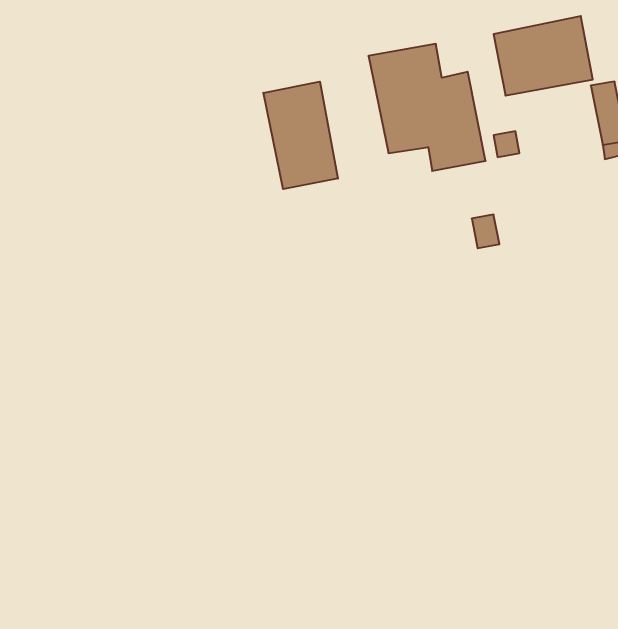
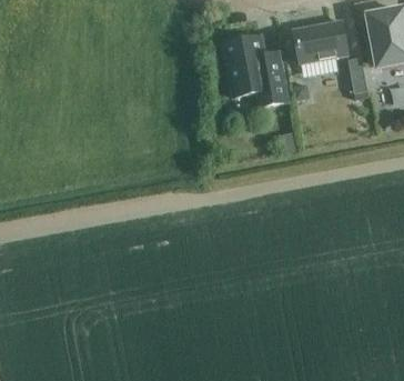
building: [263,82,338,189] -> none

